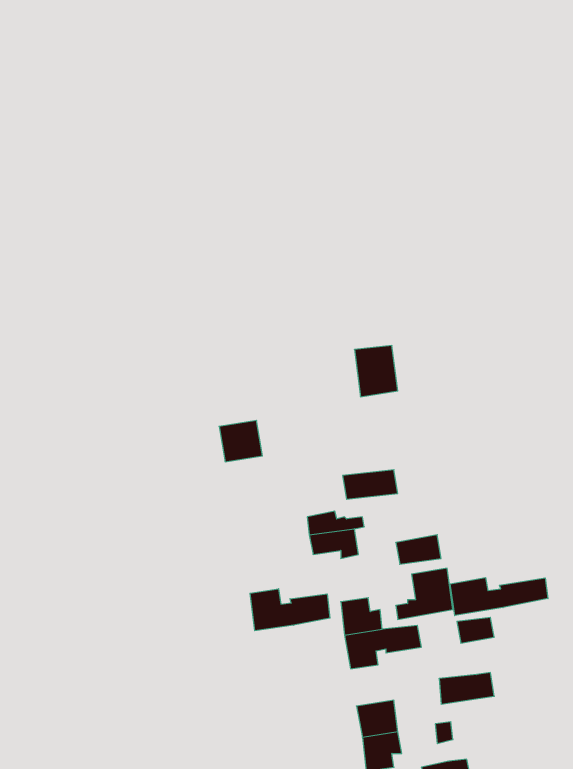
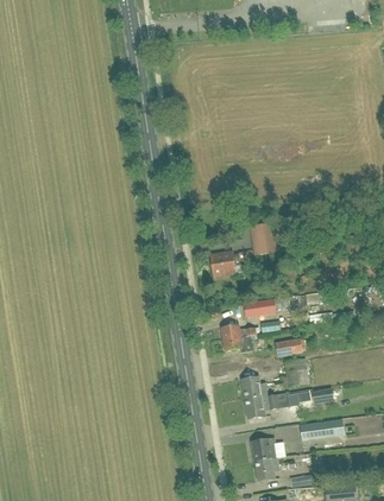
building: [219,420,262,462] -> [209,250,235,275]
building: [450,578,548,616] -> none
building: [250,589,330,631] -> none

